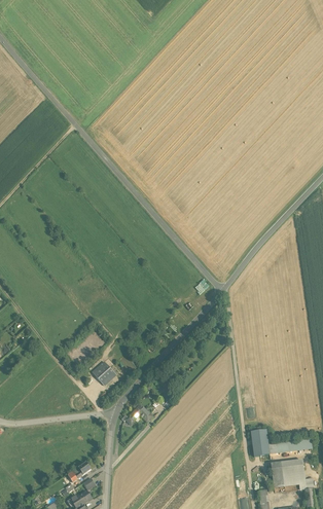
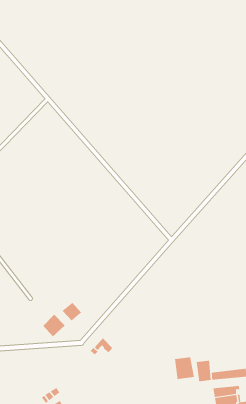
building: none -> [43,314,65,337]
building: none -> [174,356,194,380]

